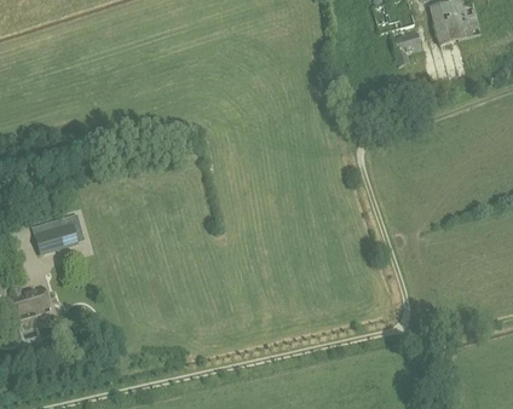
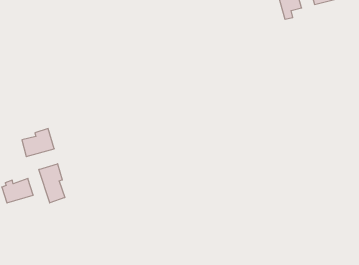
building: none -> [39,164,65,203]

